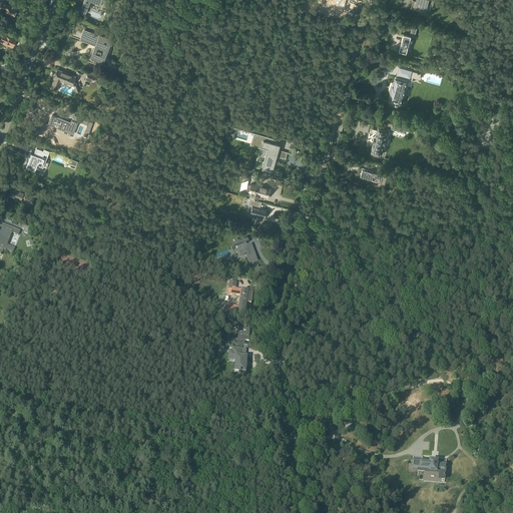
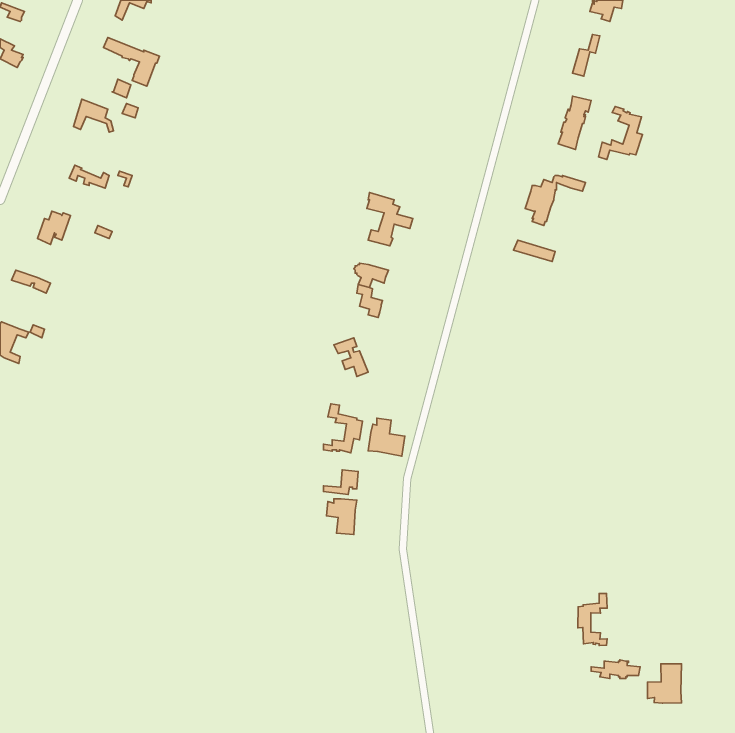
building: none -> [598,107,643,160]
building: none -> [368,418,405,456]
building: none -> [578,593,607,645]
building: none -> [647,664,682,703]

